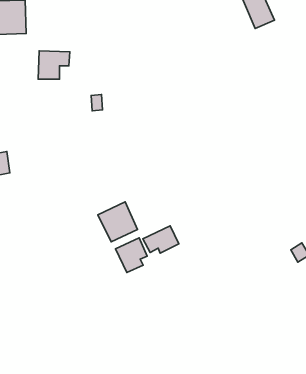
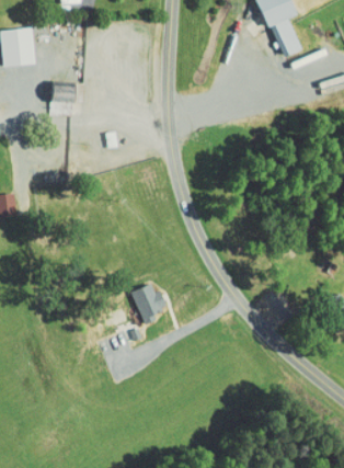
building: [98,202,137,242] -> none
building: [143,226,179,253] -> none

